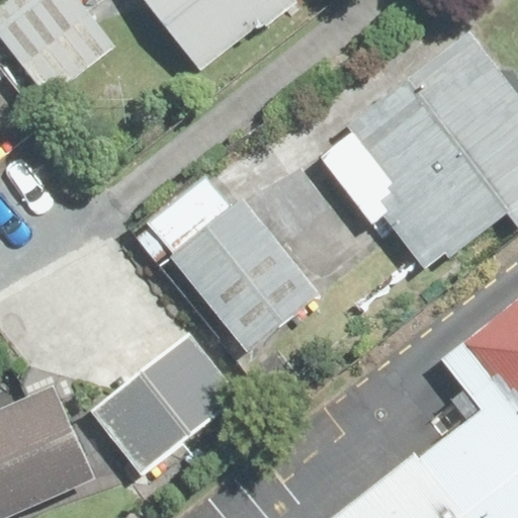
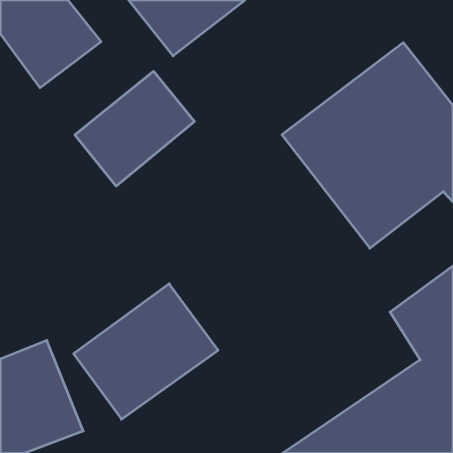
building: none -> [75,71,194,186]
building: [148,171,321,352] -> none

